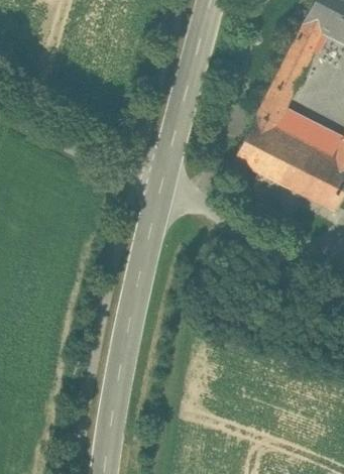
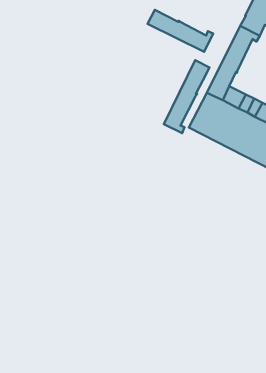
building: none -> [148,10,213,52]
building: none -> [164,60,210,133]

